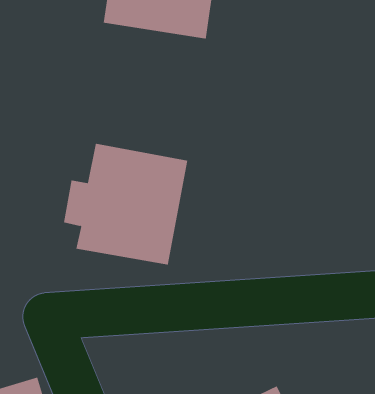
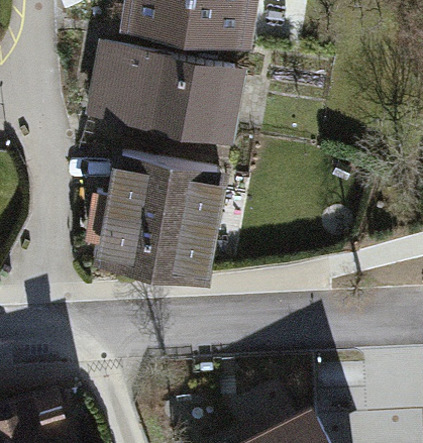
building: none -> [92,48,237,139]

